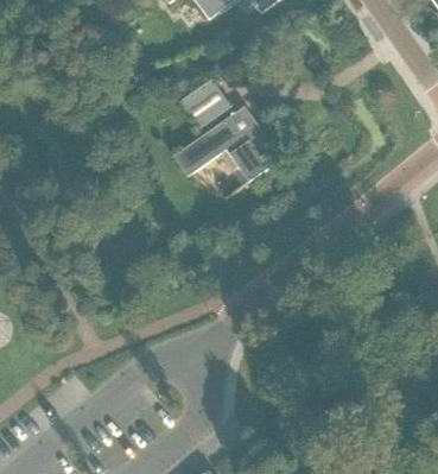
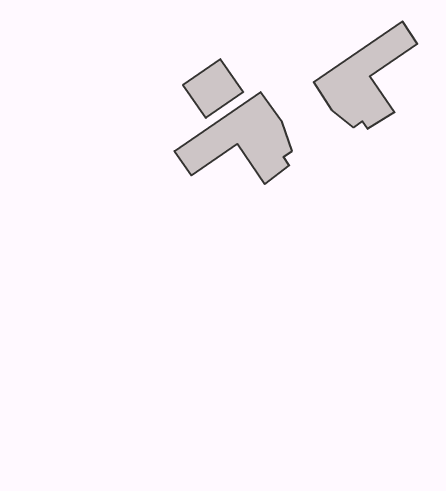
building: none -> [314,21,417,129]

